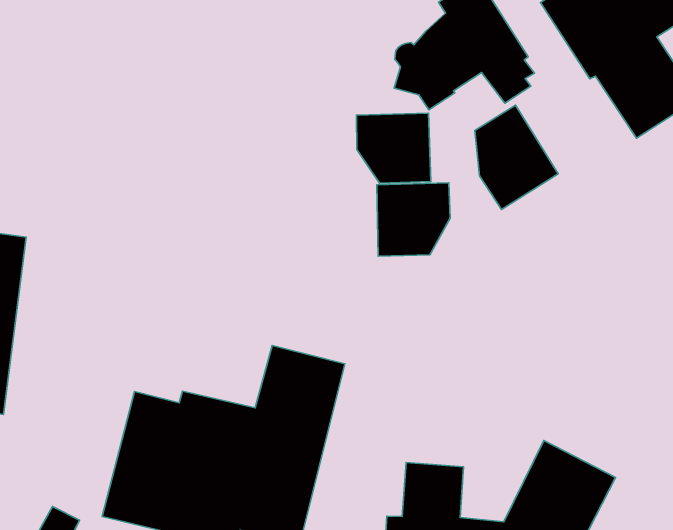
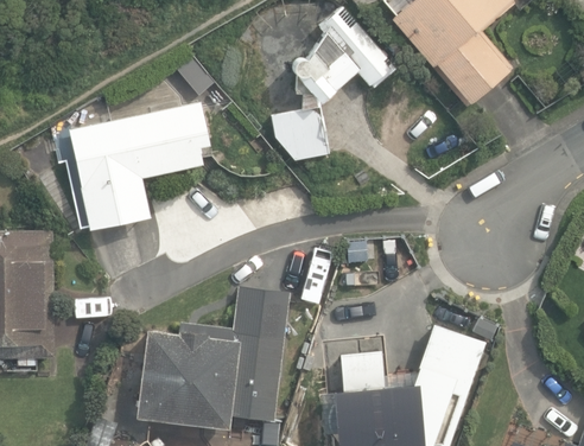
building: none -> [69,101,210,228]
building: [475,105,558,210] -> none
building: [377,183,450,256] -> none

